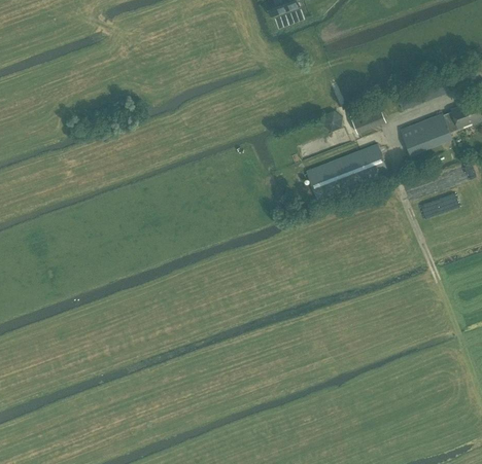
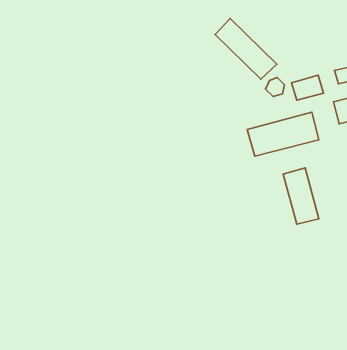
building: none -> [215,18,277,79]
building: none -> [283,168,319,224]

